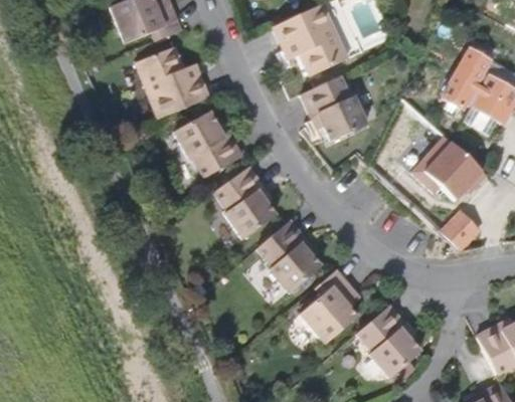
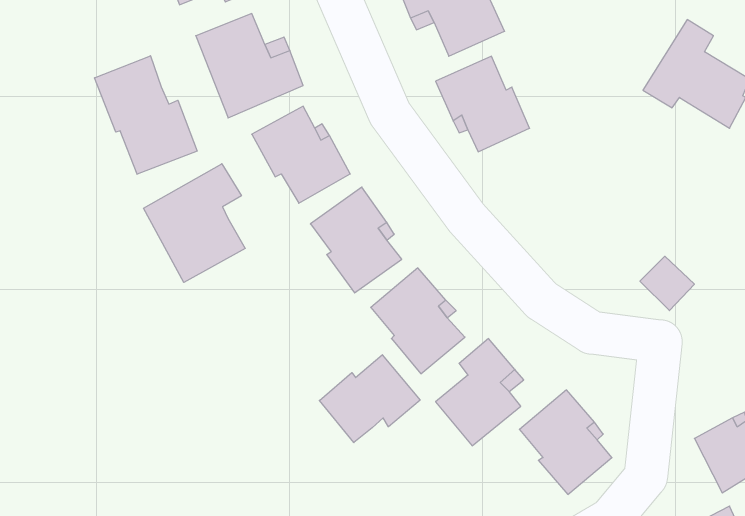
building: none -> [95,56,197,174]
building: [412,137,482,206] -> none
building: none -> [144,164,245,282]
building: none -> [319,355,420,443]

